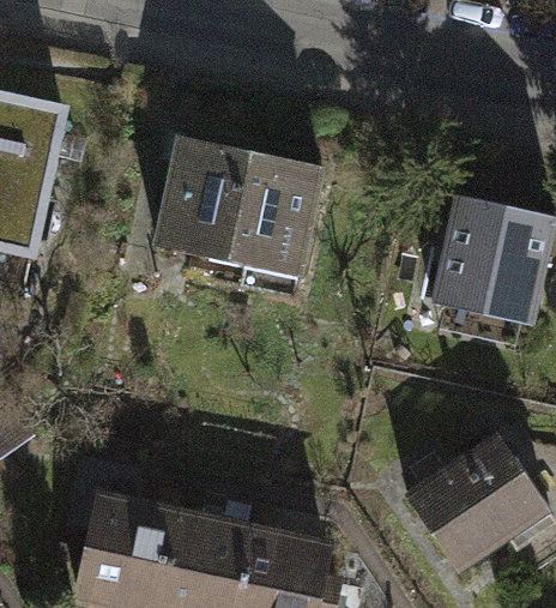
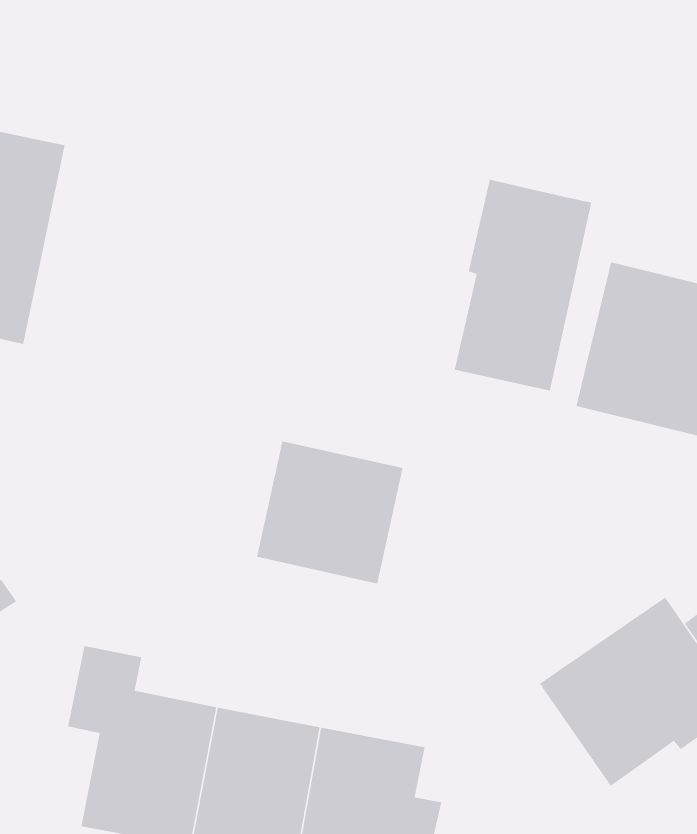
building: none -> [454,179,592,392]
building: [153,134,324,299] -> none
building: none -> [256,440,403,584]

